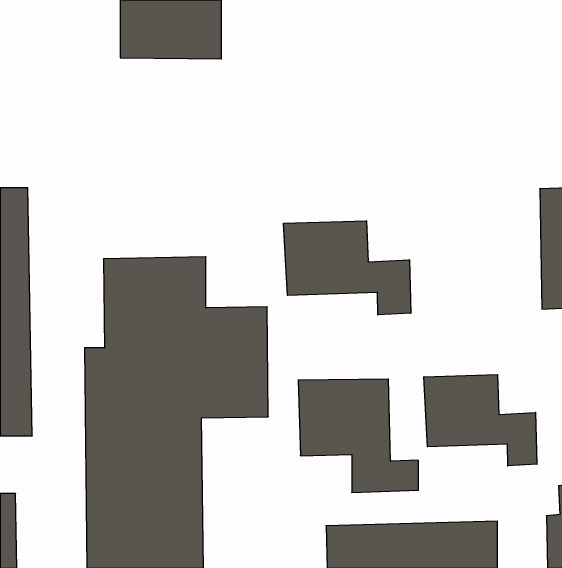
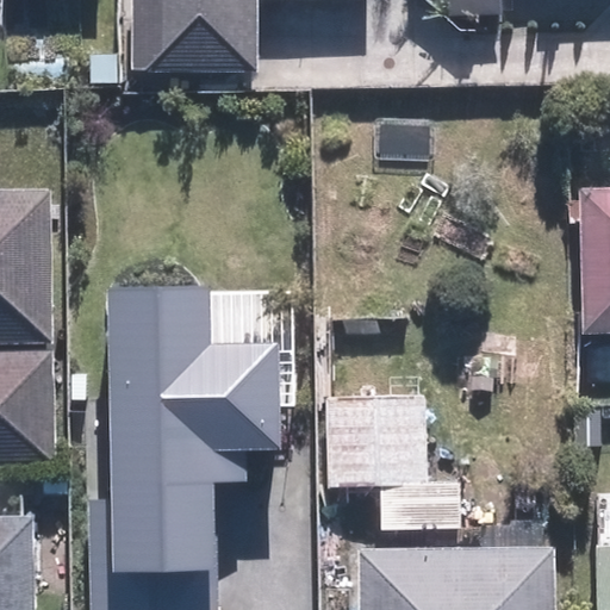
building: [284,221,411,315] -> none
building: [424,375,537,466] -> none

